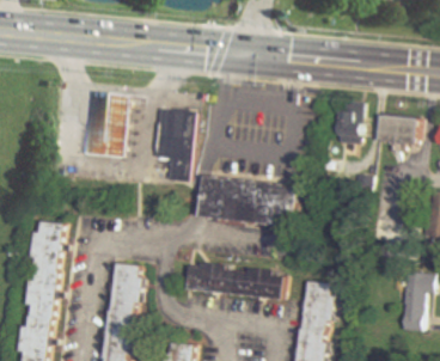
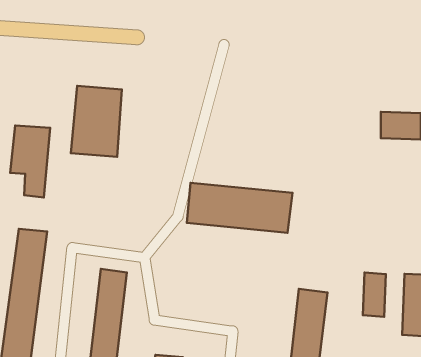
building: [340,106,368,139] -> none
building: [155,110,194,179] -> [10,125,50,198]
building: [185,263,283,306] -> none
building: none -> [363,273,386,317]

